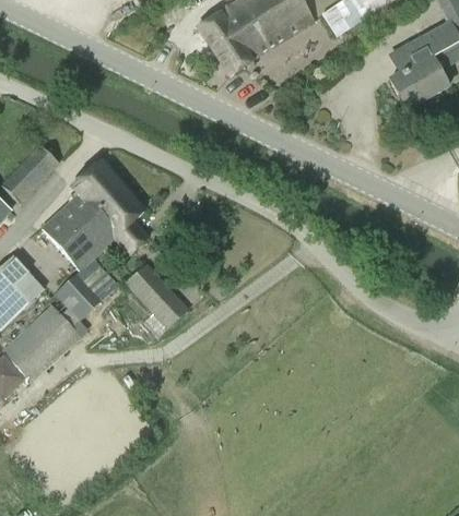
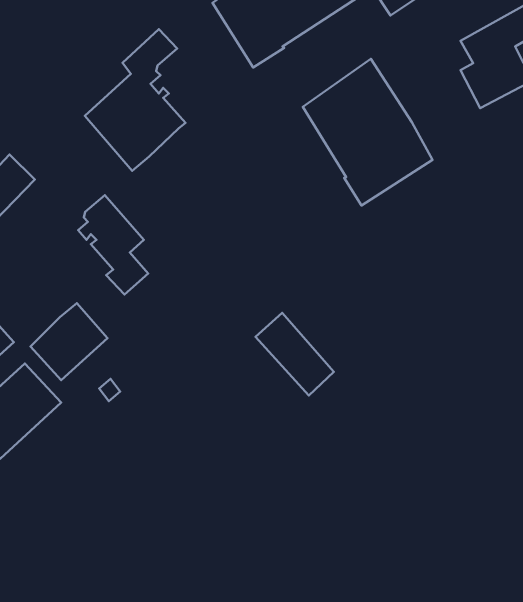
building: none -> [303,59,433,206]
building: [42,159,120,269] -> [85,29,186,171]
building: [125,263,186,327] -> [256,313,334,396]

